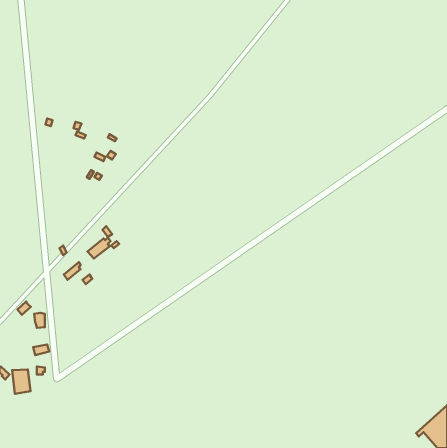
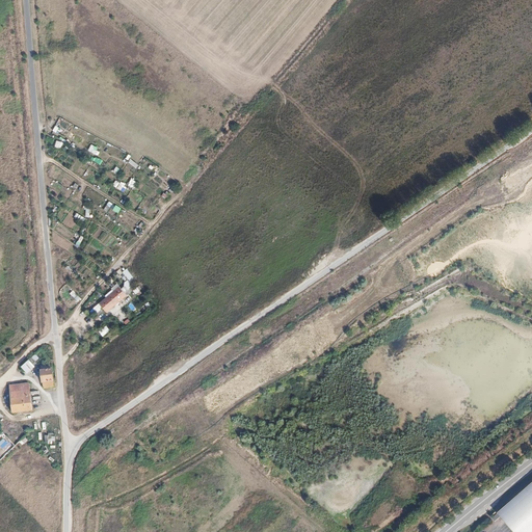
building: [12,369,31,394] -> [9,384,31,414]

